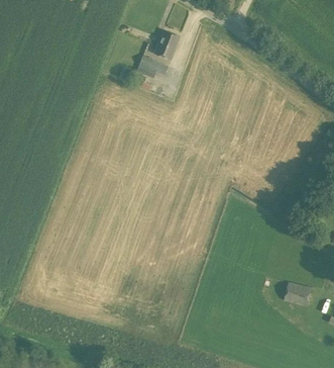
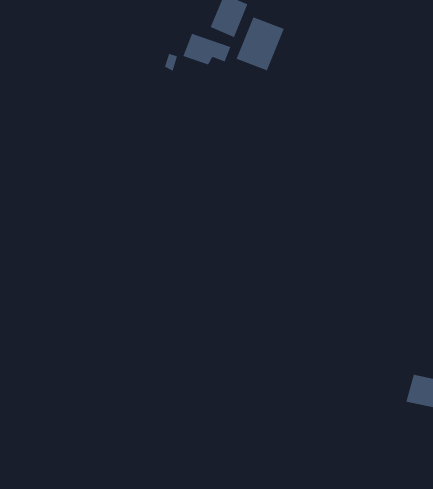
building: none -> [236,16,285,71]

